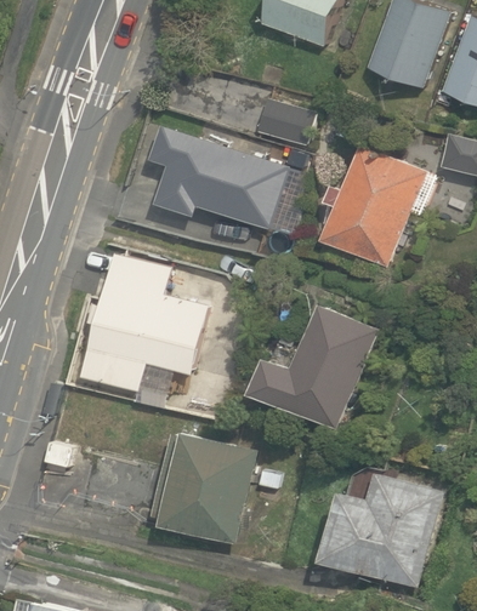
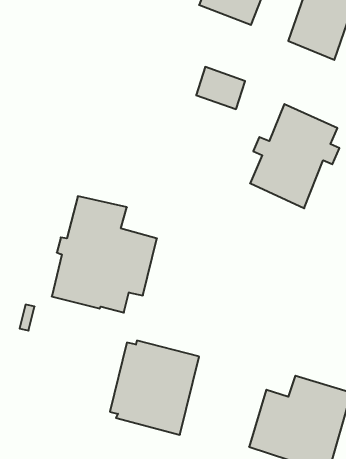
building: [148,125,289,230] -> none
building: [248,303,380,430] -> none

